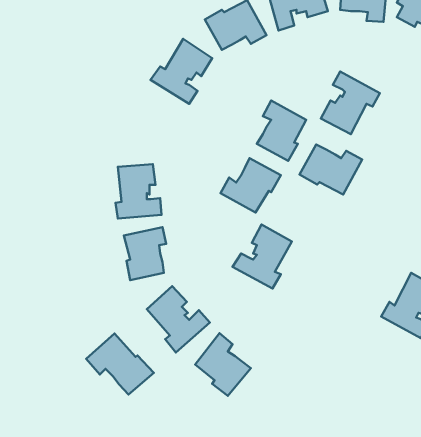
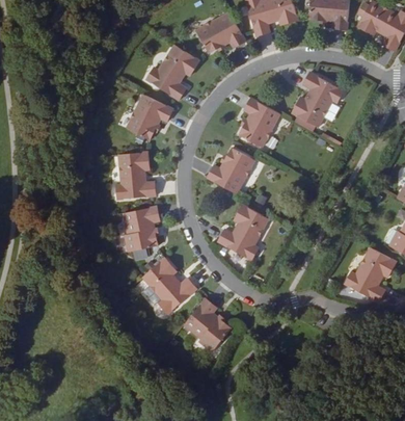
building: none -> [122,94,172,140]
building: [300,145,362,194] -> none
building: [86,333,154,394] -> none

